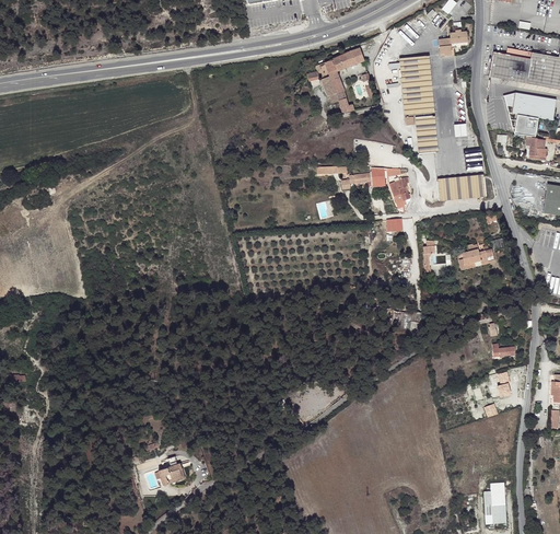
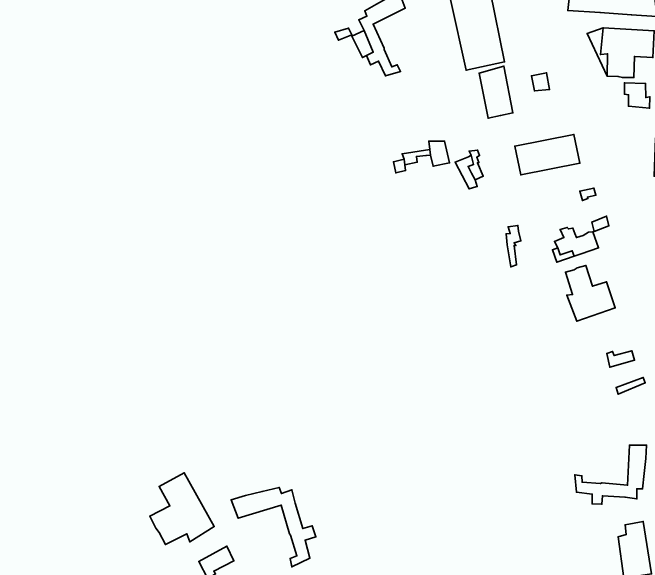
building: none -> [566,265,615,321]
building: none -> [150,473,214,545]
building: none -> [575,445,646,504]
building: none -> [231,487,316,567]

